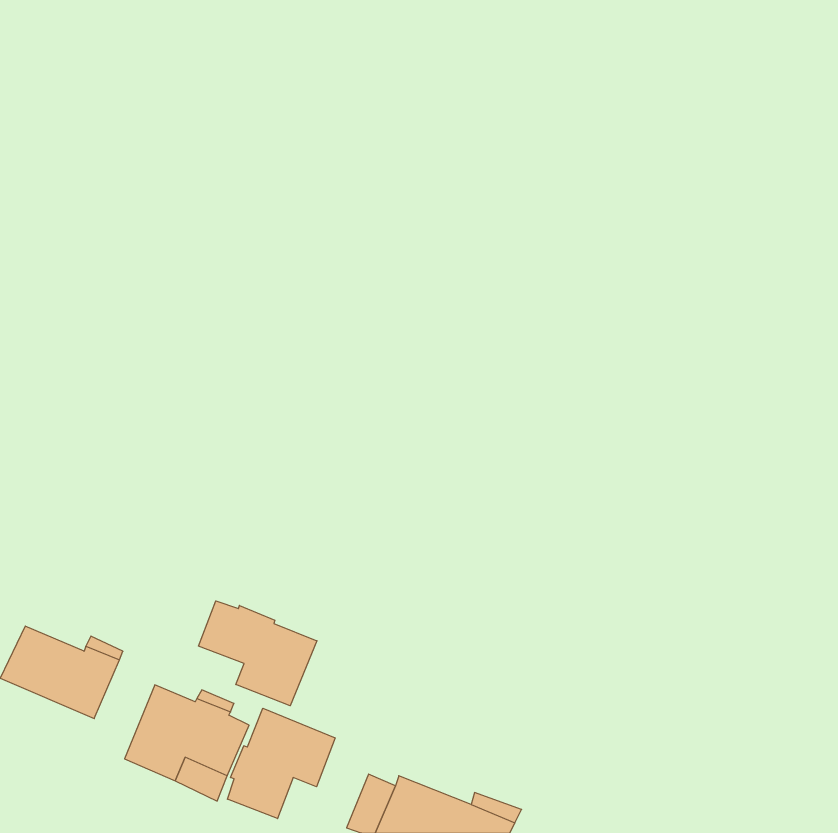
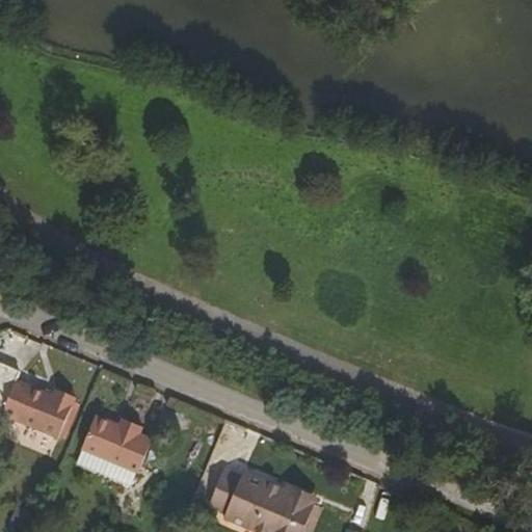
building: [199,601,317,706] -> none
building: [227,708,335,819] -> none

